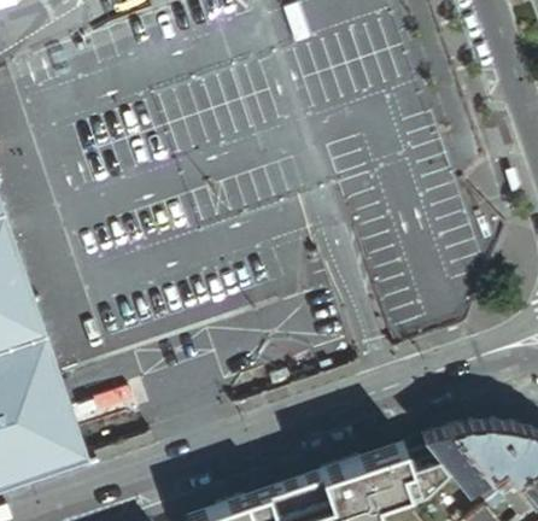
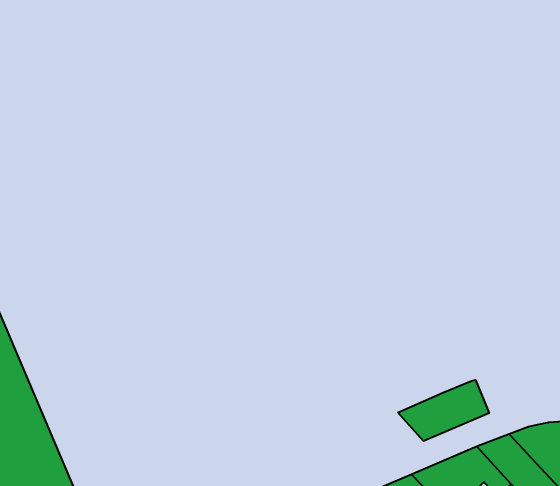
building: none -> [398,380,489,441]

